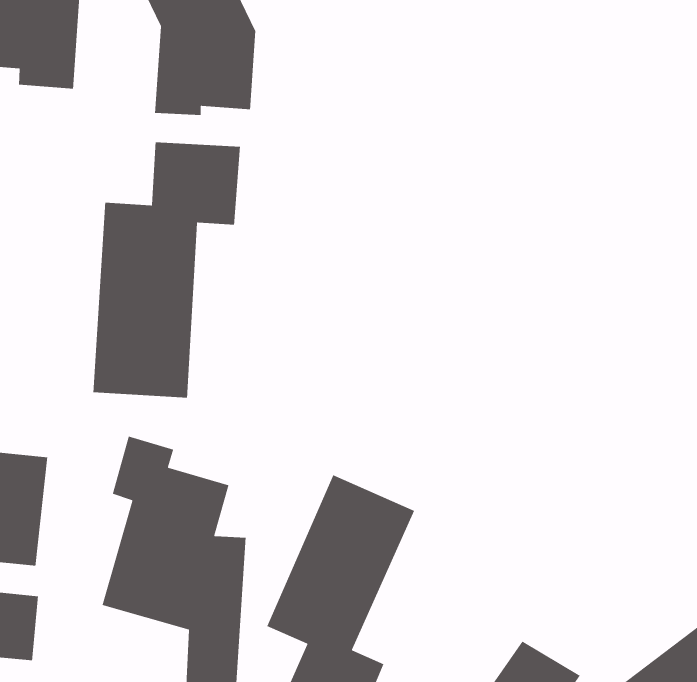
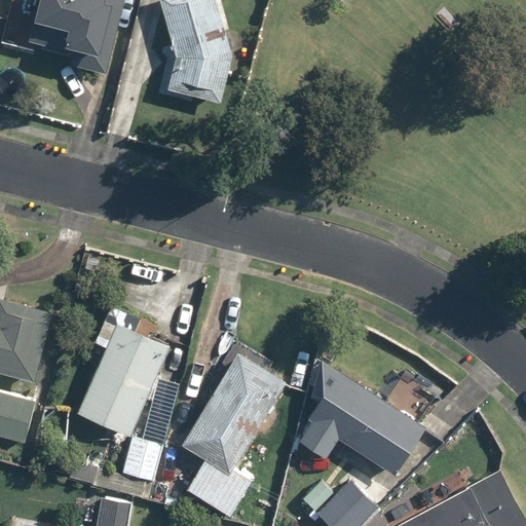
building: [92,141,241,399] -> none
building: none -> [299,360,426,475]

